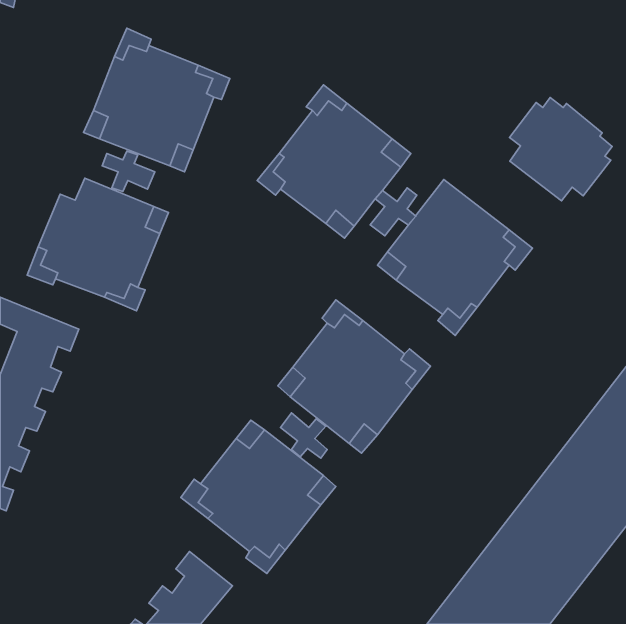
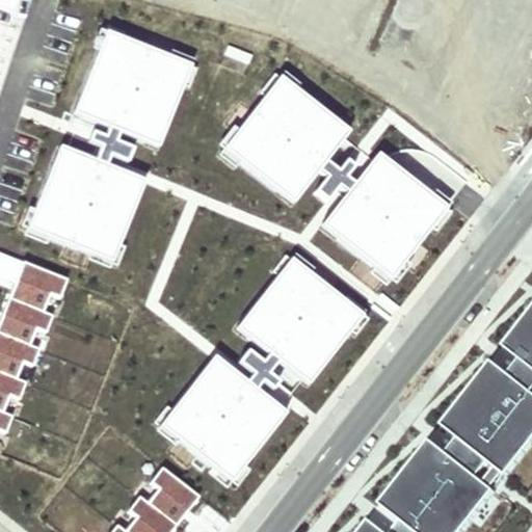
building: [509,98,612,201] -> none

